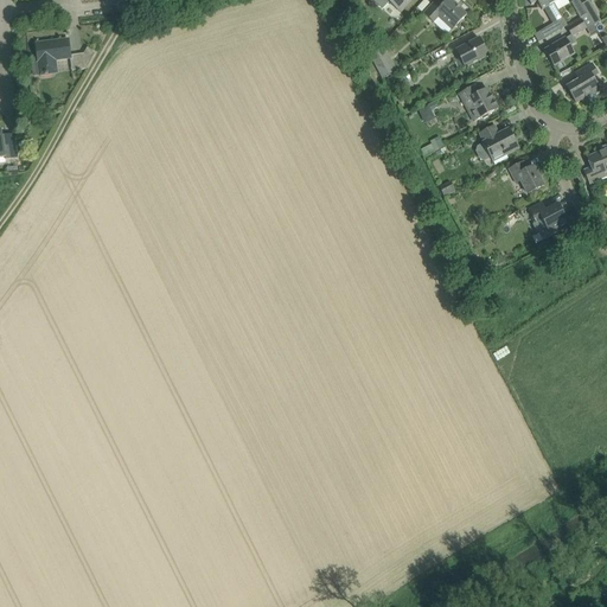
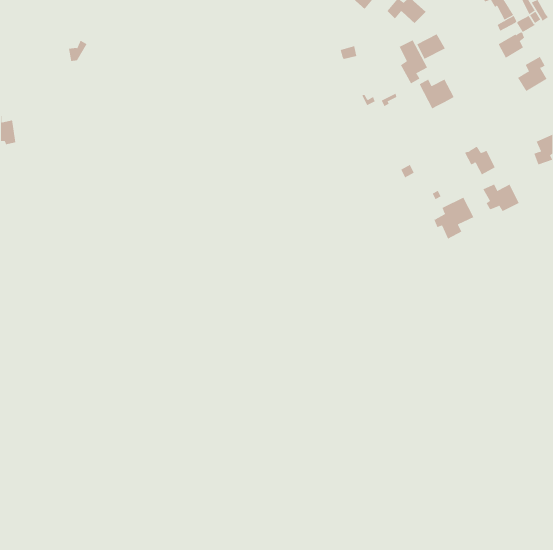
building: [36,37,71,74] -> none
building: none -> [399,39,428,84]
building: [475,124,518,162] -> none
building: none -> [433,197,474,239]

